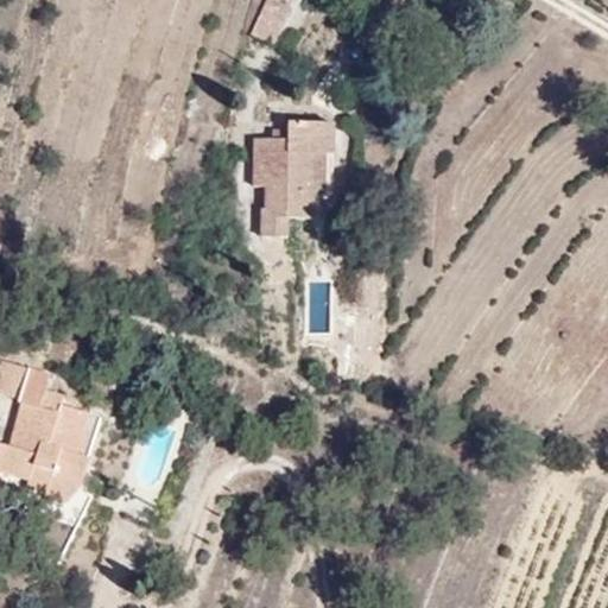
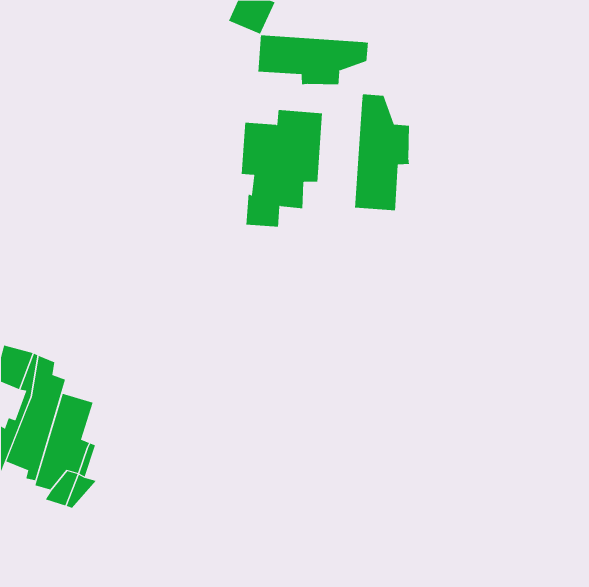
building: none -> [258,35,368,85]
building: none -> [355,94,409,211]

